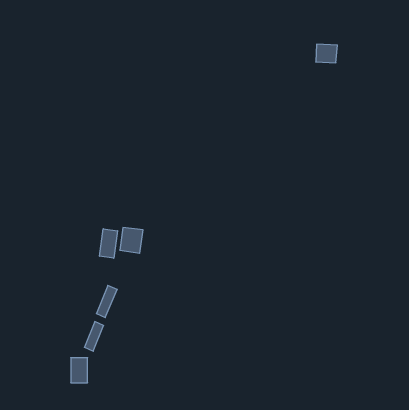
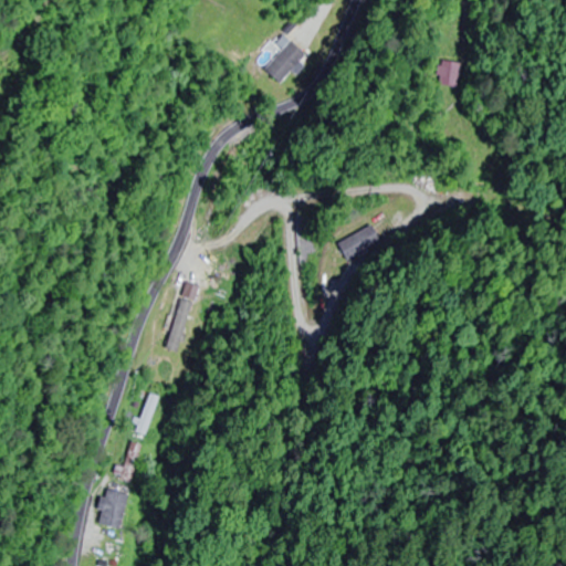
building: none -> [262,40,305,84]
building: none -> [336,221,384,264]
building: [100,229,118,258] -> none

